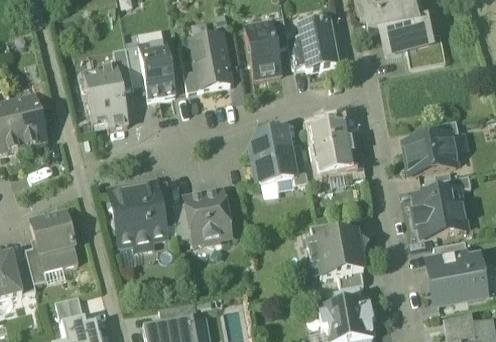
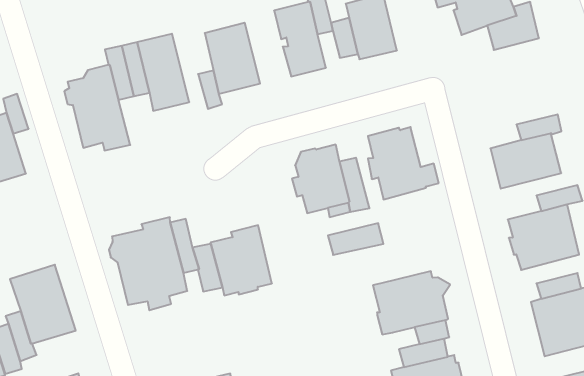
building: [310,218,352,240] -> [328,223,383,255]

